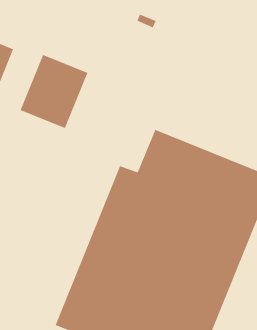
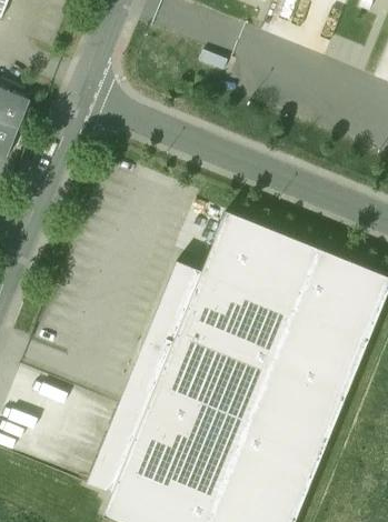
building: [20,54,88,129] -> none

